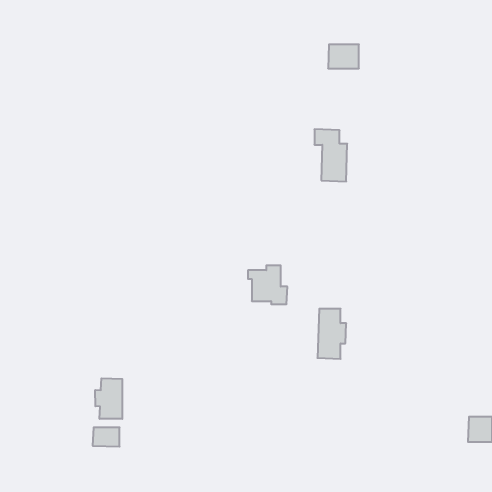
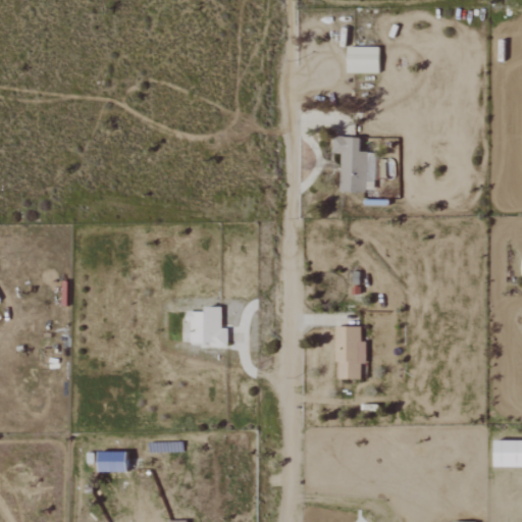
building: [248,265,287,304] -> [187,306,228,347]
building: [95,378,122,419] -> none

